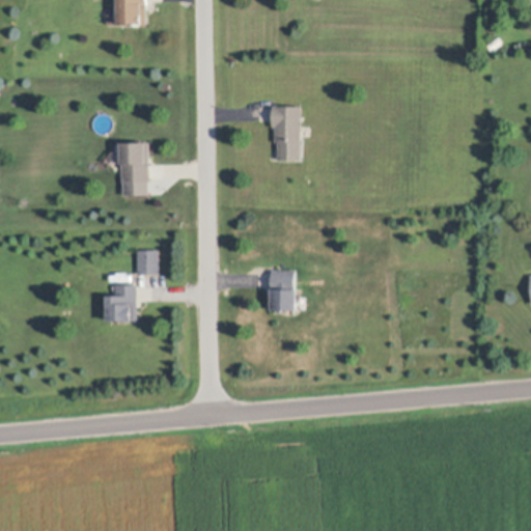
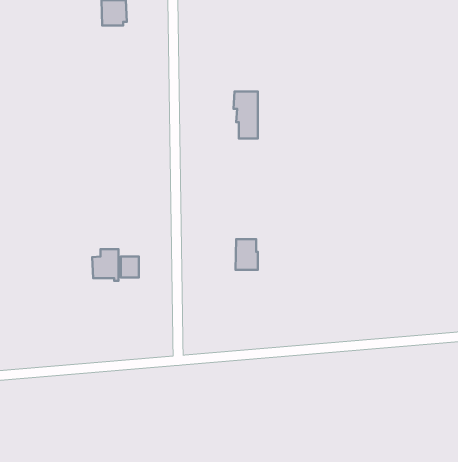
building: [117,135,147,194] -> none
building: [136,249,157,273] -> [121,256,139,277]

